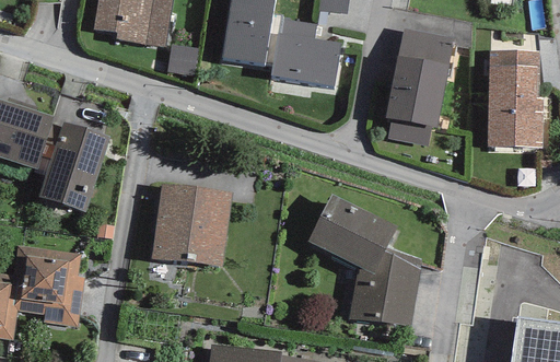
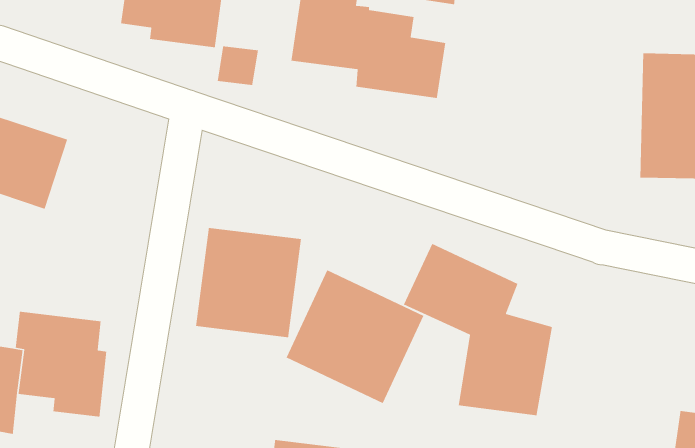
building: [385,28,454,145] -> none
building: [37,120,110,212] -> none
building: none -> [286,269,425,404]

